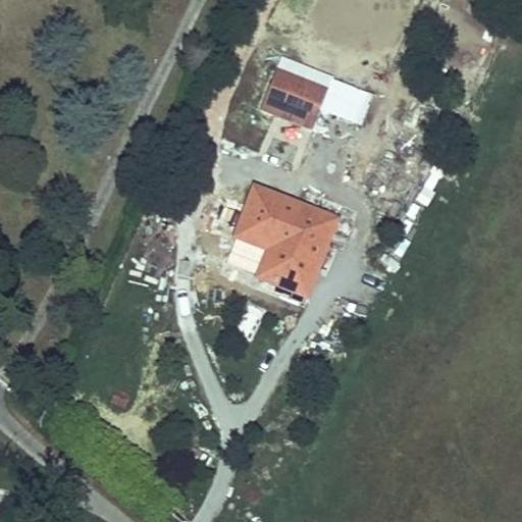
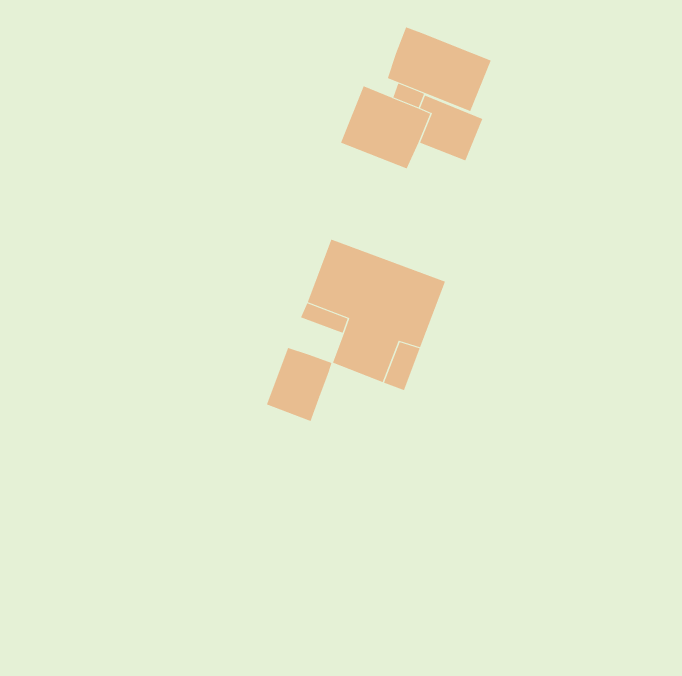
building: none -> [387,27,491,112]
building: none -> [266,347,332,422]

